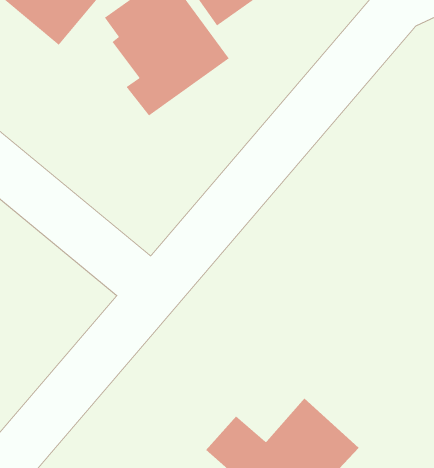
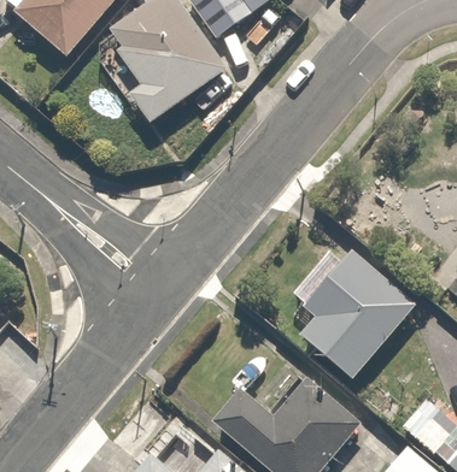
building: none -> [289,262,409,393]

